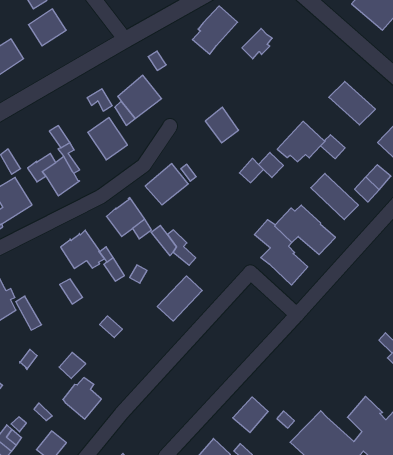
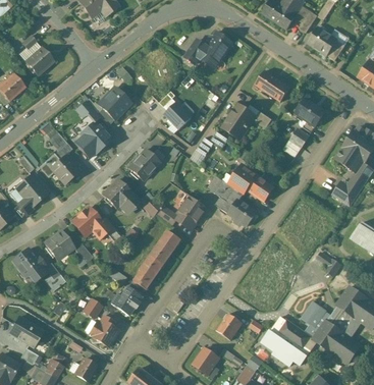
building: [192,6,238,54] -> [200,32,231,68]
building: [311,173,358,220] -> none
building: none -> [175,194,206,230]
building: none -> [44,230,73,260]
building: none -> [131,256,162,290]
building: none -> [110,287,140,315]

